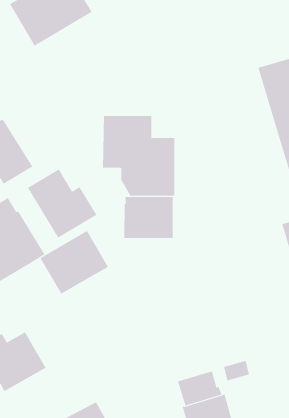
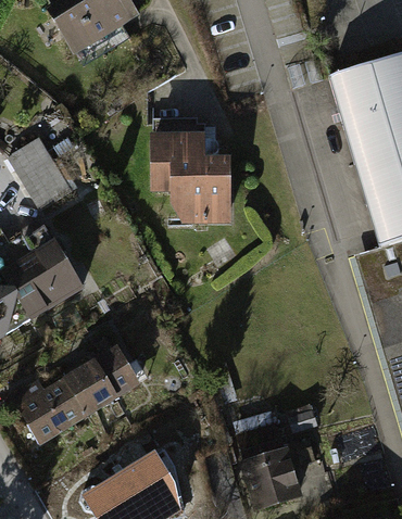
building: [27,168,97,239] -> none
building: [124,196,173,239] -> none
building: [40,230,109,295] -> [65,344,143,417]

